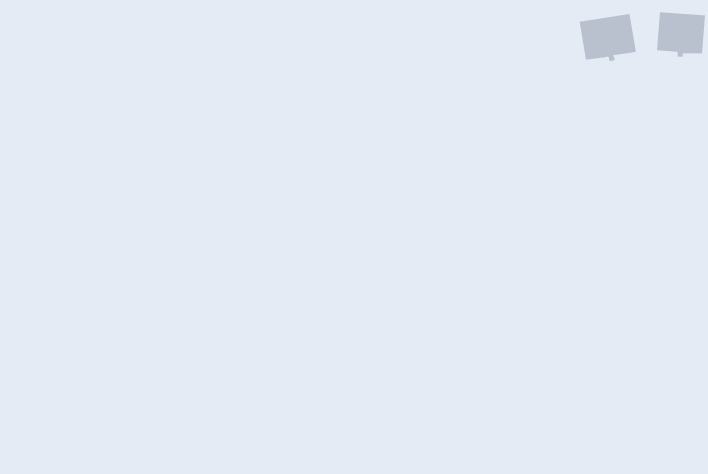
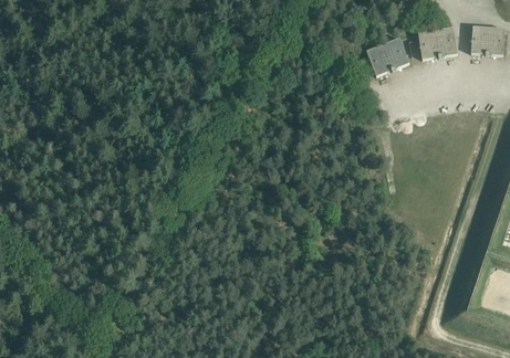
building: none -> [366,38,408,75]

